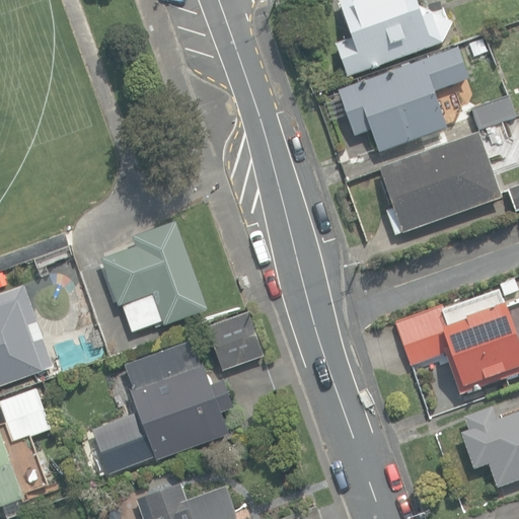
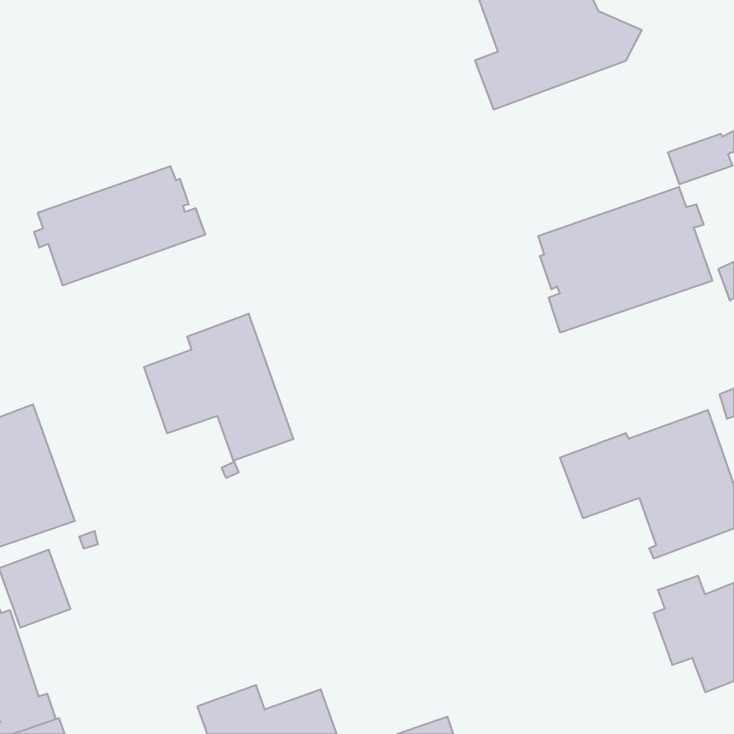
building: [337,46,469,152] -> none
building: none -> [34,166,205,285]
building: [206,309,263,369] -> none
building: [103,340,233,460] -> none

